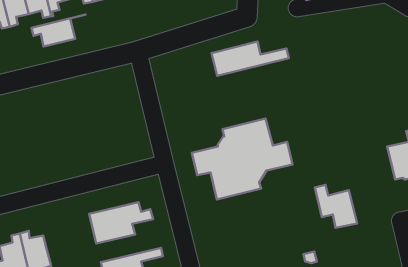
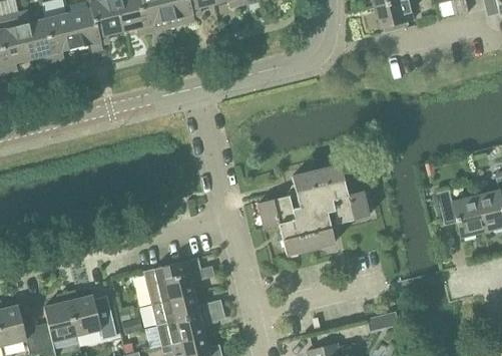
building: [31,14,86,46] -> none
building: [211,41,289,76] -> none
building: [315,185,357,228] -> [437,190,484,238]
building: none -> [151,294,223,325]

